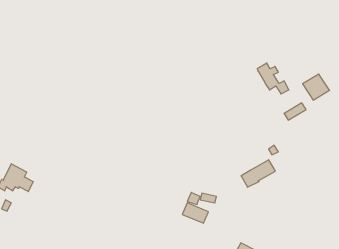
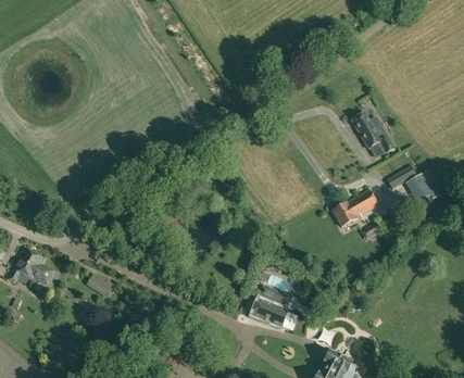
building: [303,74,330,100] -> [406,172,442,206]
building: [241,160,275,187] -> [333,190,378,227]

